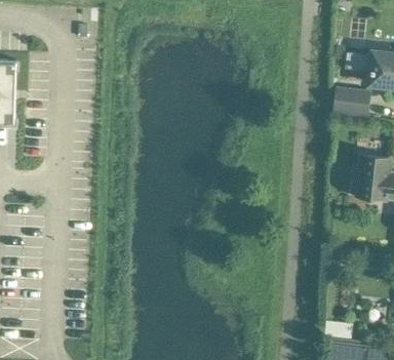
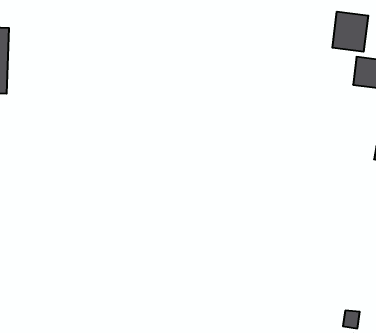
building: none -> [332,12,368,52]

